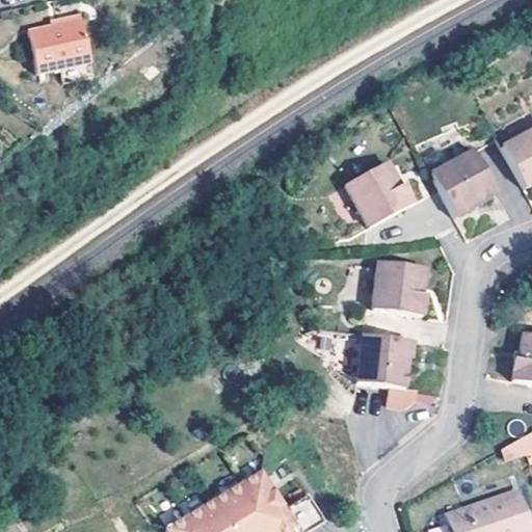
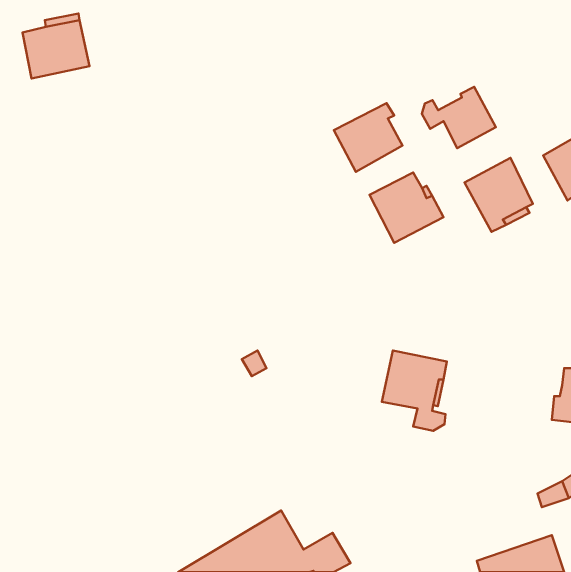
building: none -> [422,87,496,148]
building: none -> [334,103,403,172]
building: [376,252,432,312] -> none

